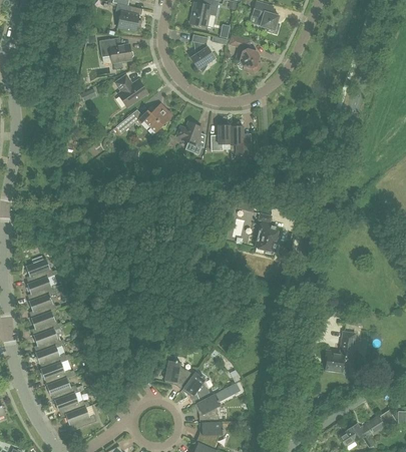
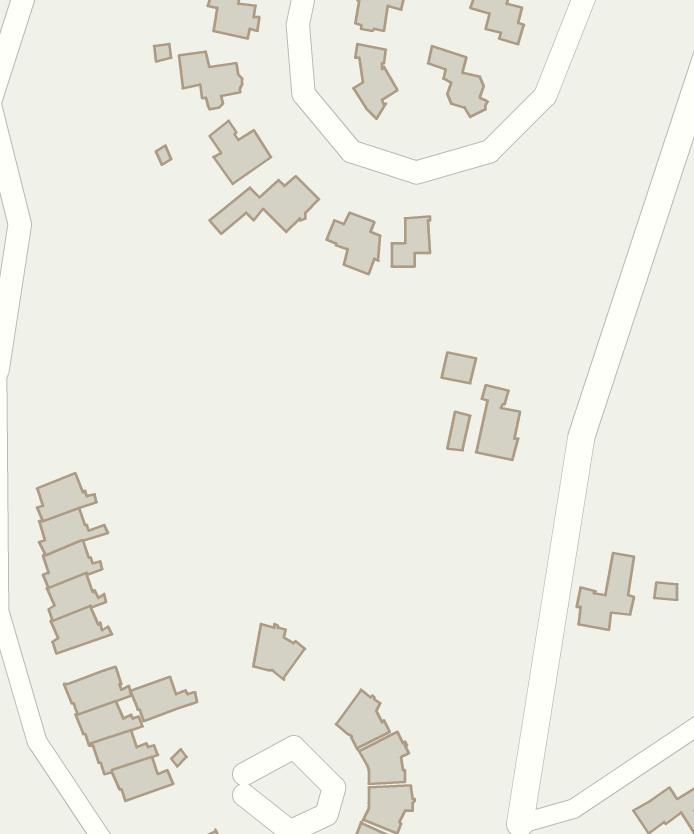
building: [230,124,251,153] -> none
building: [324,331,354,371] -> [577,553,634,630]
building: [34,345,69,368] -> [130,677,197,721]
building: [163,359,190,388] -> [253,624,305,680]

